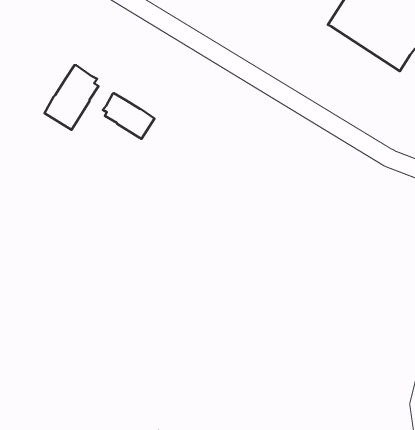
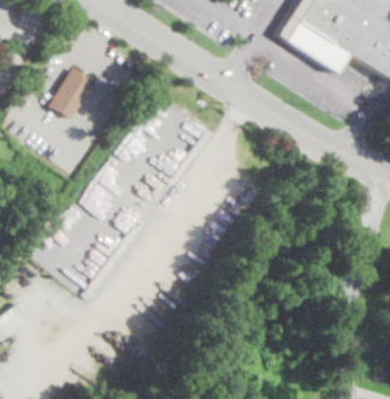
building: [103,93,155,139] -> none

